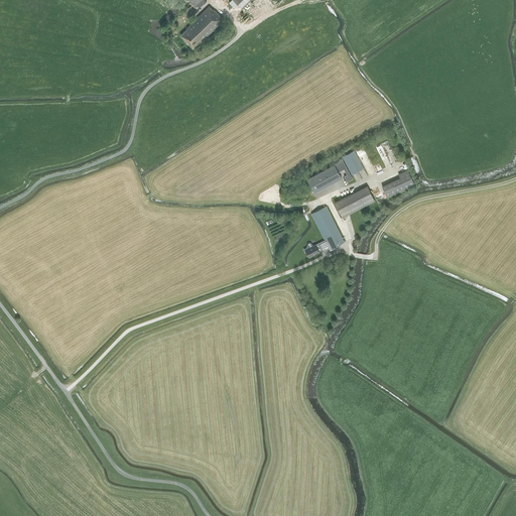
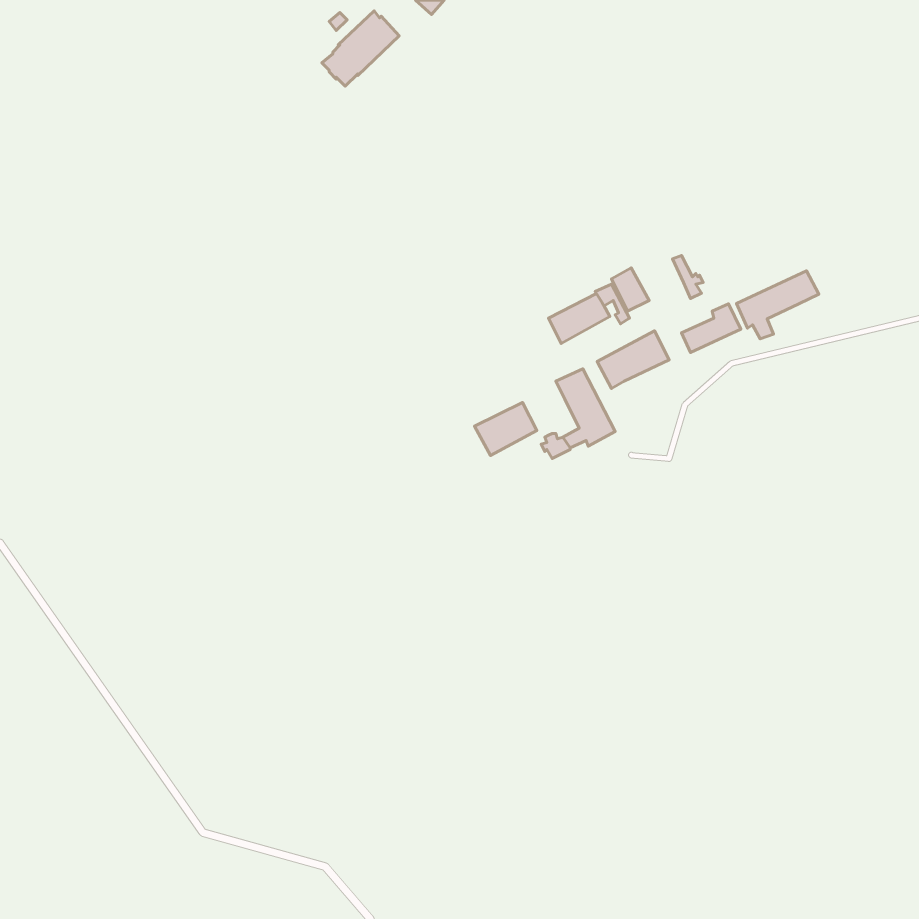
building: none -> [736,271,819,339]
building: none -> [474,403,537,456]

